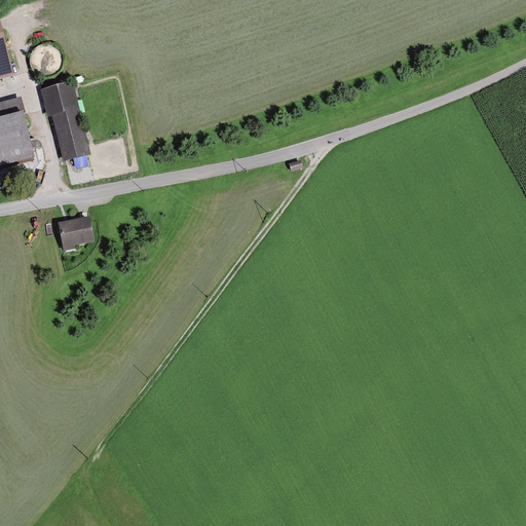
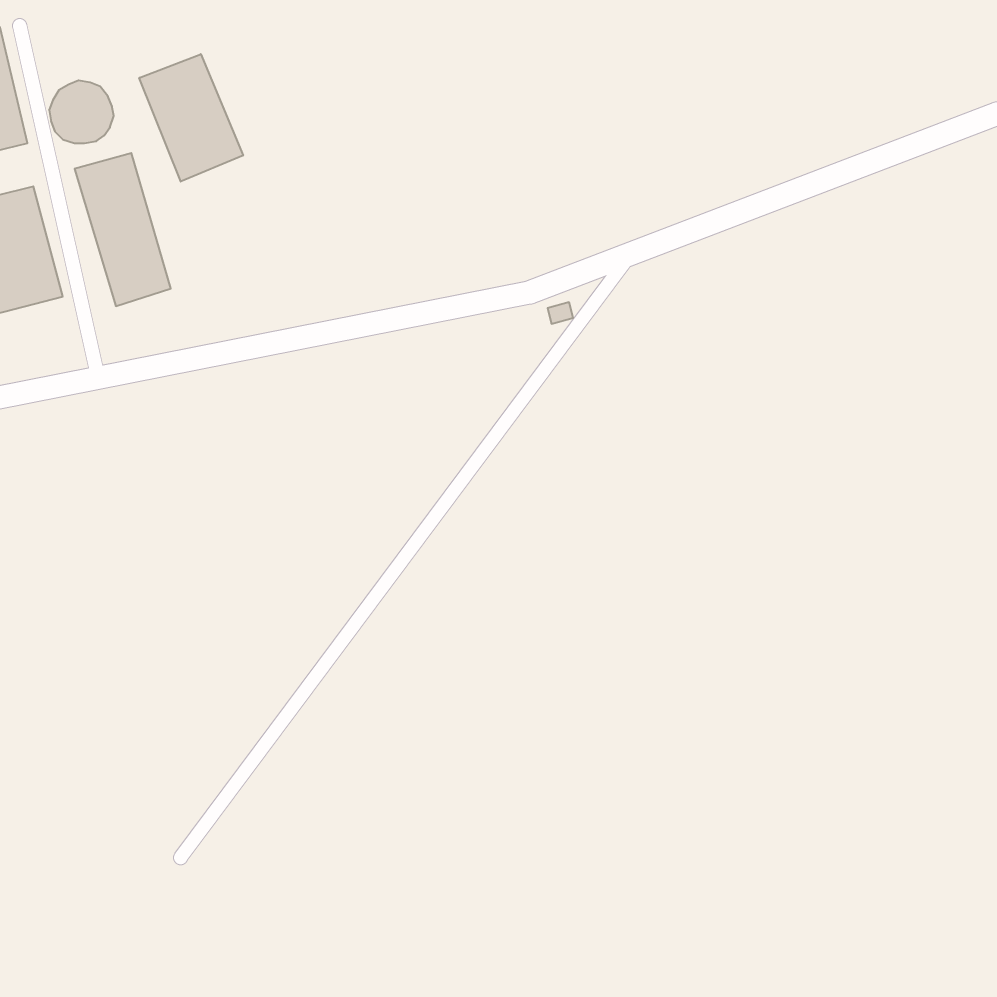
building: none -> [139,54,243,182]
building: [55,216,92,250] -> none

